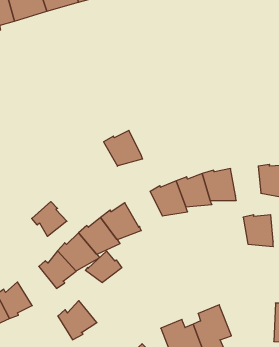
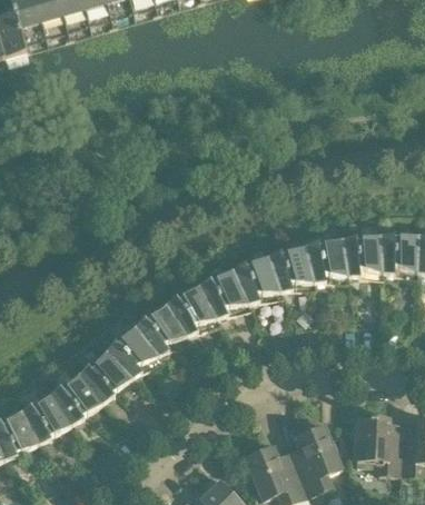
building: [104,130,143,166] -> [196,268,249,317]
building: [32,202,67,236] -> none
building: [243,215,273,247] -> [340,234,382,277]
building: [85,251,122,283] -> none
building: none -> [355,414,402,473]
building: [58,301,97,340] -> [49,370,102,424]

